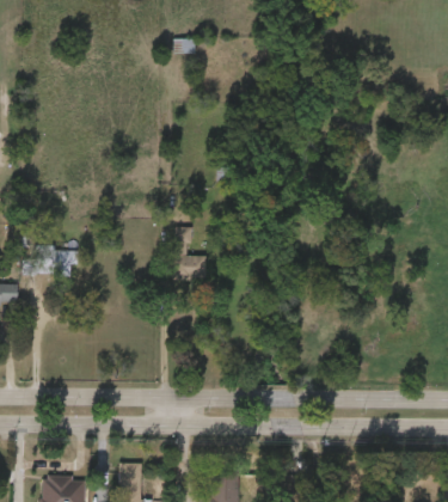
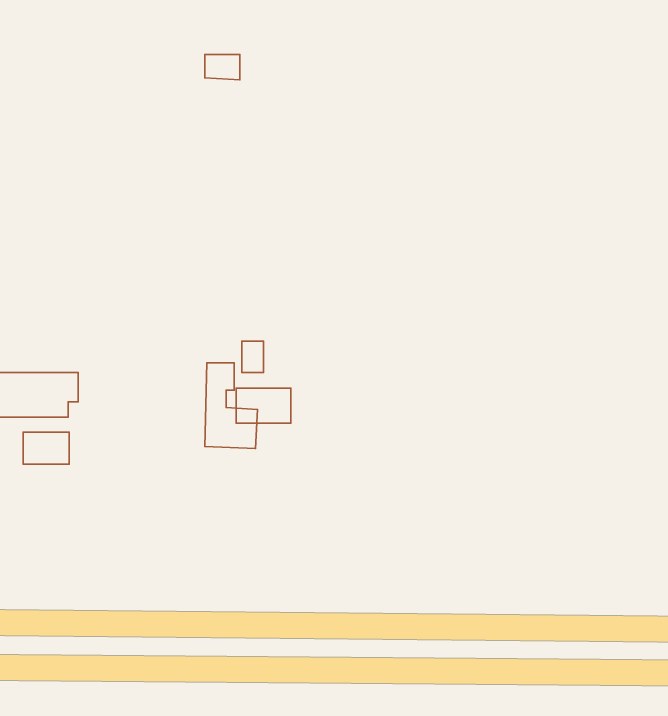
building: none -> [23,432,69,464]

